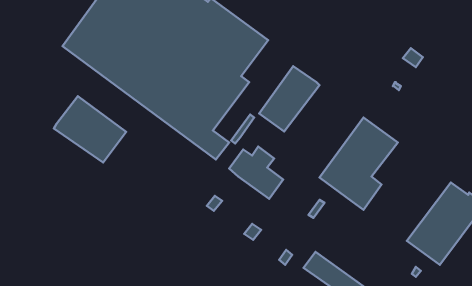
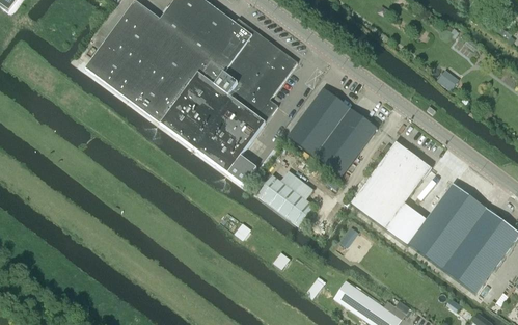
building: none -> [315,108,378,177]
building: [54,96,126,163] -> none
building: none -> [397,184,487,269]

